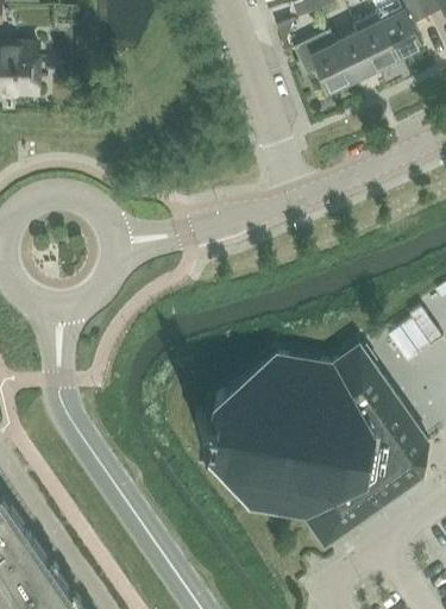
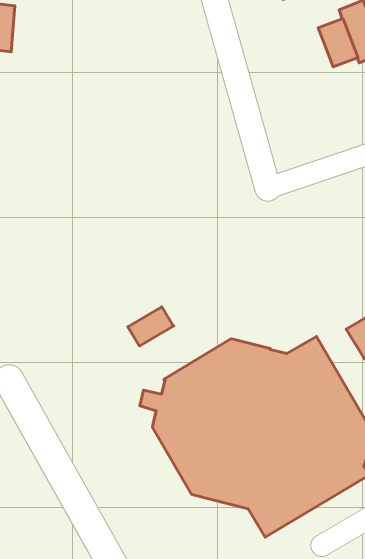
building: [291,32,352,94] -> none
building: none -> [128,307,174,346]

